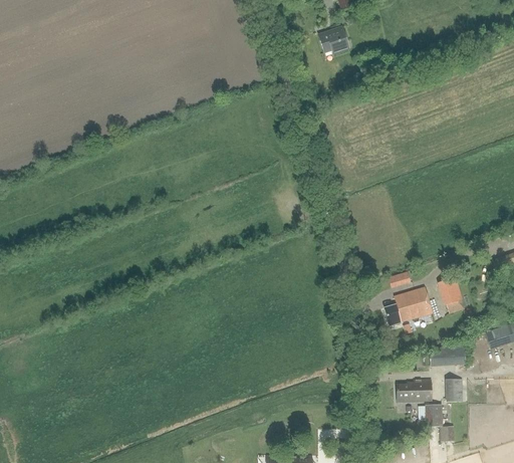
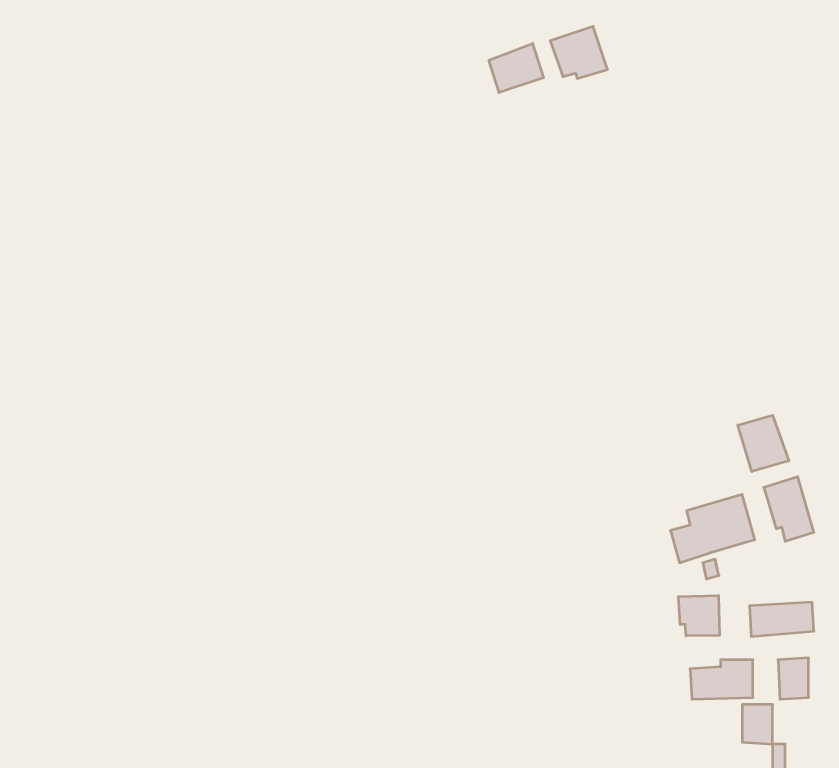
building: none -> [489,43,544,93]
building: none -> [738,415,789,472]
building: none -> [678,595,720,636]

